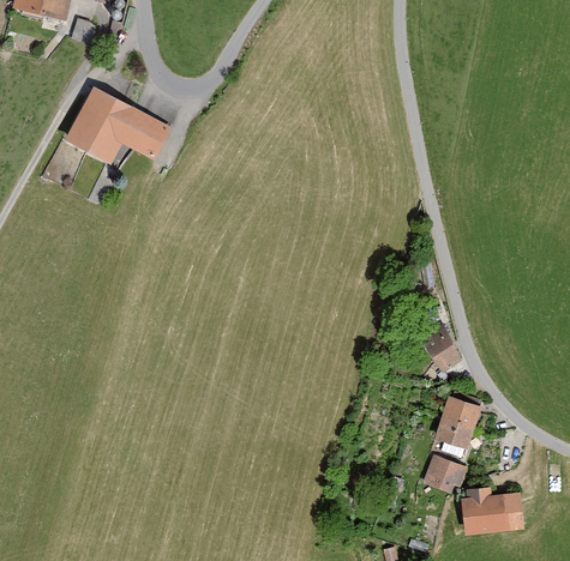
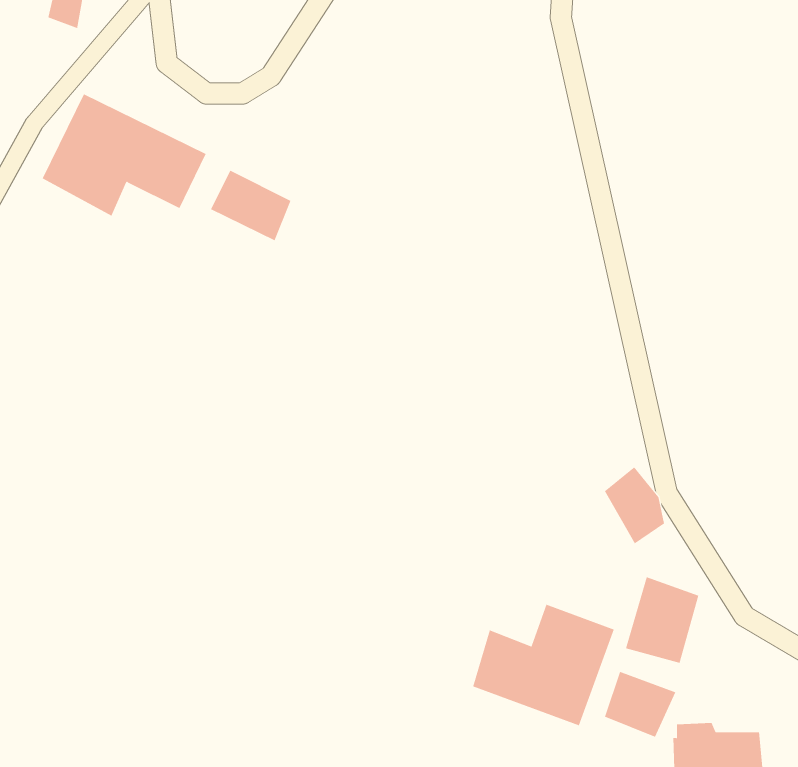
building: none -> [210,170,291,241]
building: none -> [472,604,615,726]

